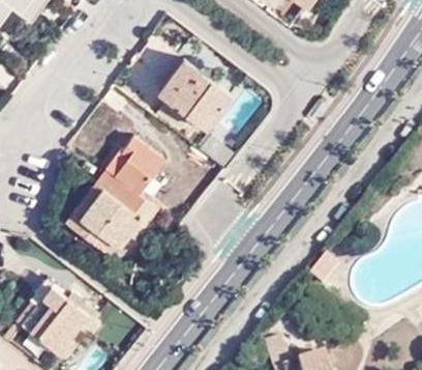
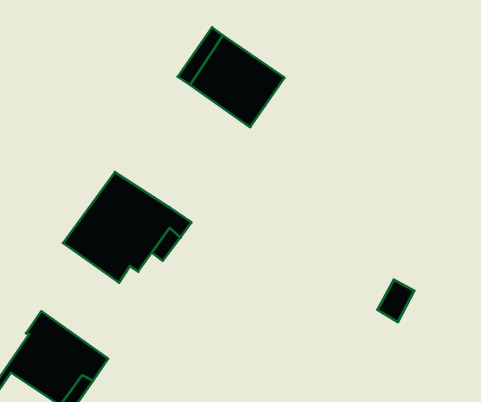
building: [107,142,171,194] -> none

